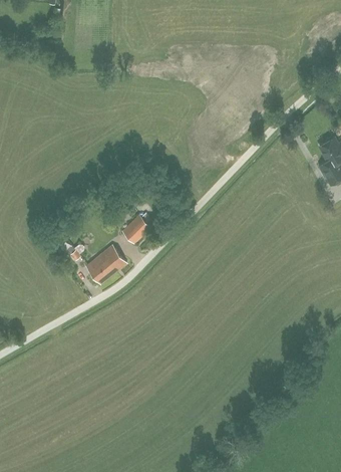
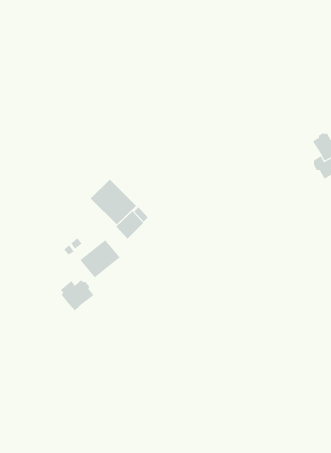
building: none -> [90,179,137,225]
building: none -> [60,280,94,311]

